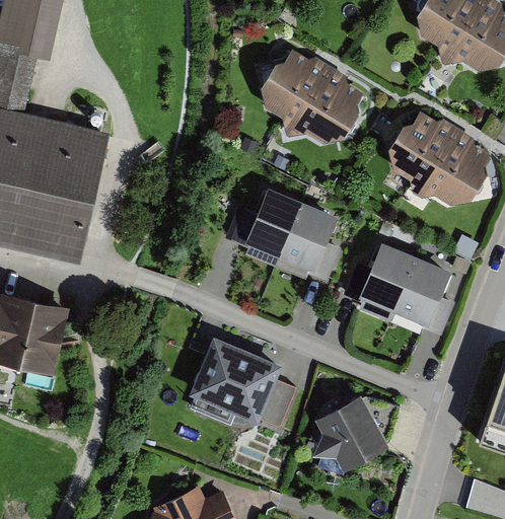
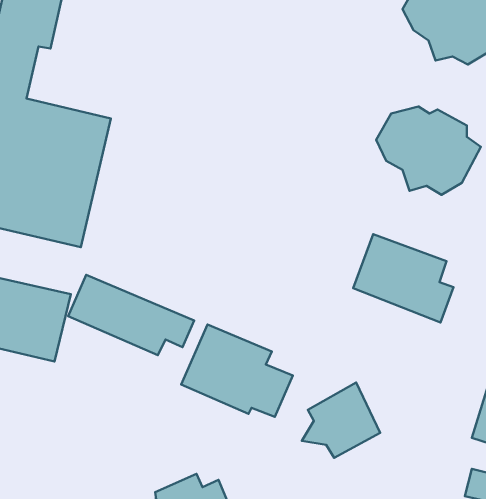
building: [254,52,359,141] -> none
building: [240,188,343,279] -> none
building: none -> [68,275,194,355]

